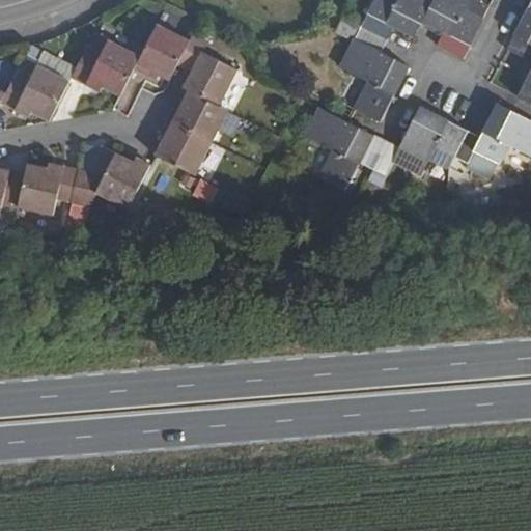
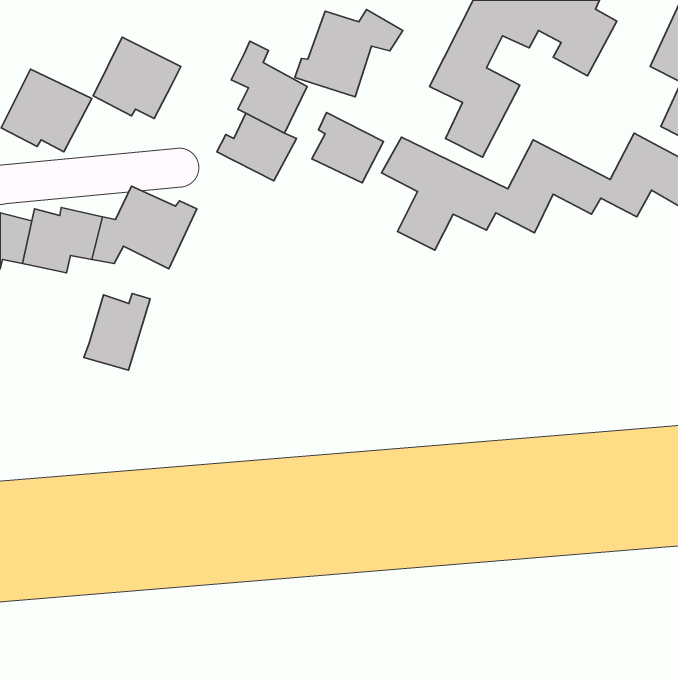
building: none -> [295,10,403,97]
building: [135,24,192,81] -> none
building: [159,118,215,173] -> [312,112,384,183]
building: none -> [84,294,150,370]

